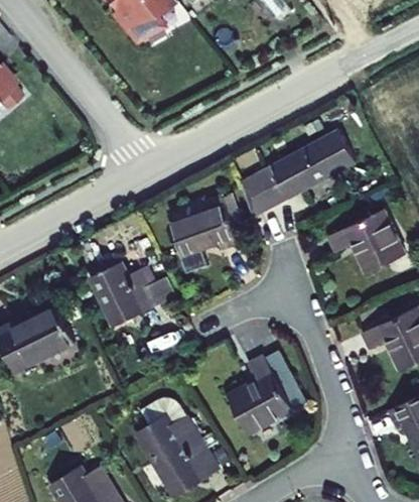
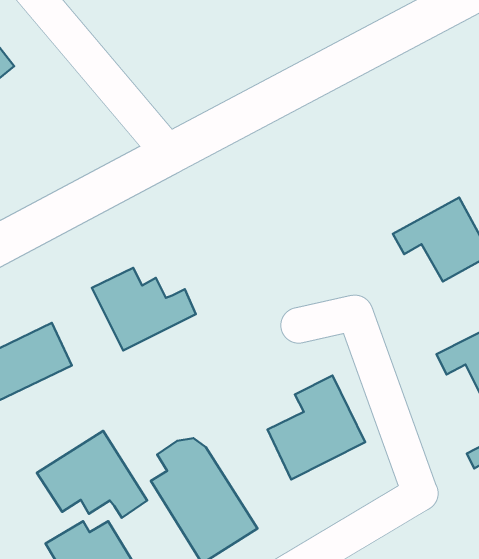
building: [239,132,351,213] -> none
building: [168,196,240,272] -> none
building: none -> [37,431,147,518]

